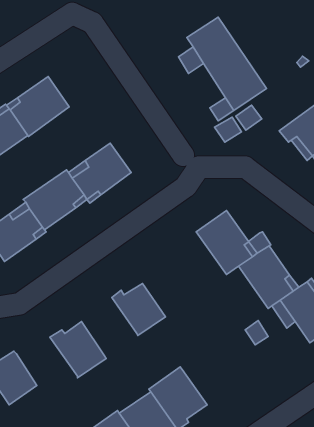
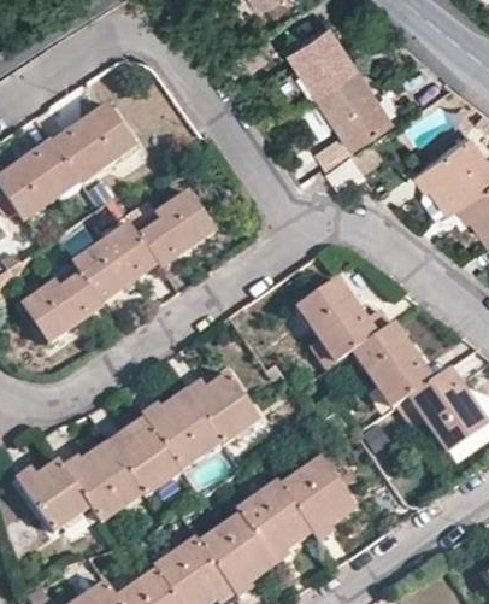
building: none -> [143,391,220,467]
building: none -> [64,442,143,522]
building: none -> [279,456,353,539]

